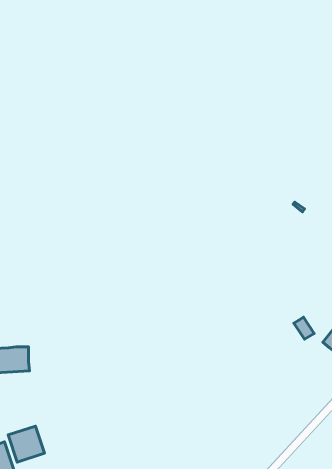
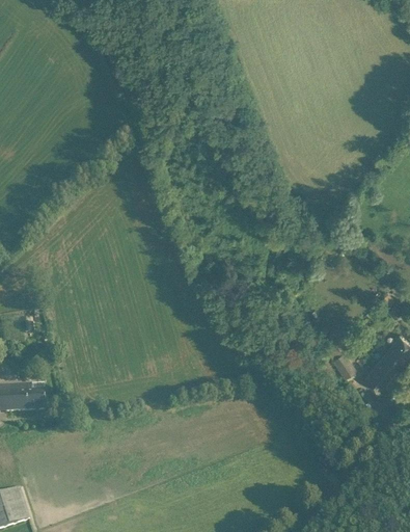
building: [8,426,45,462] -> none

